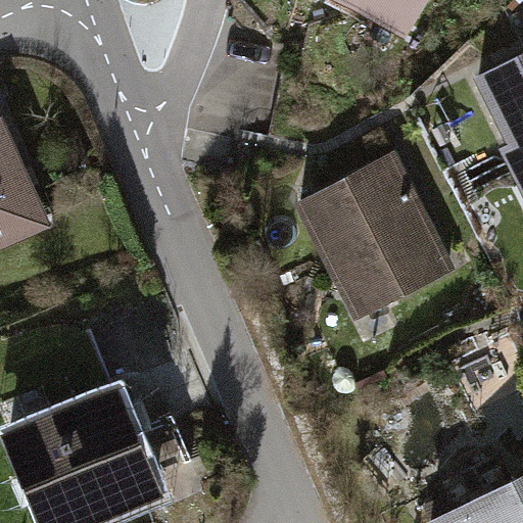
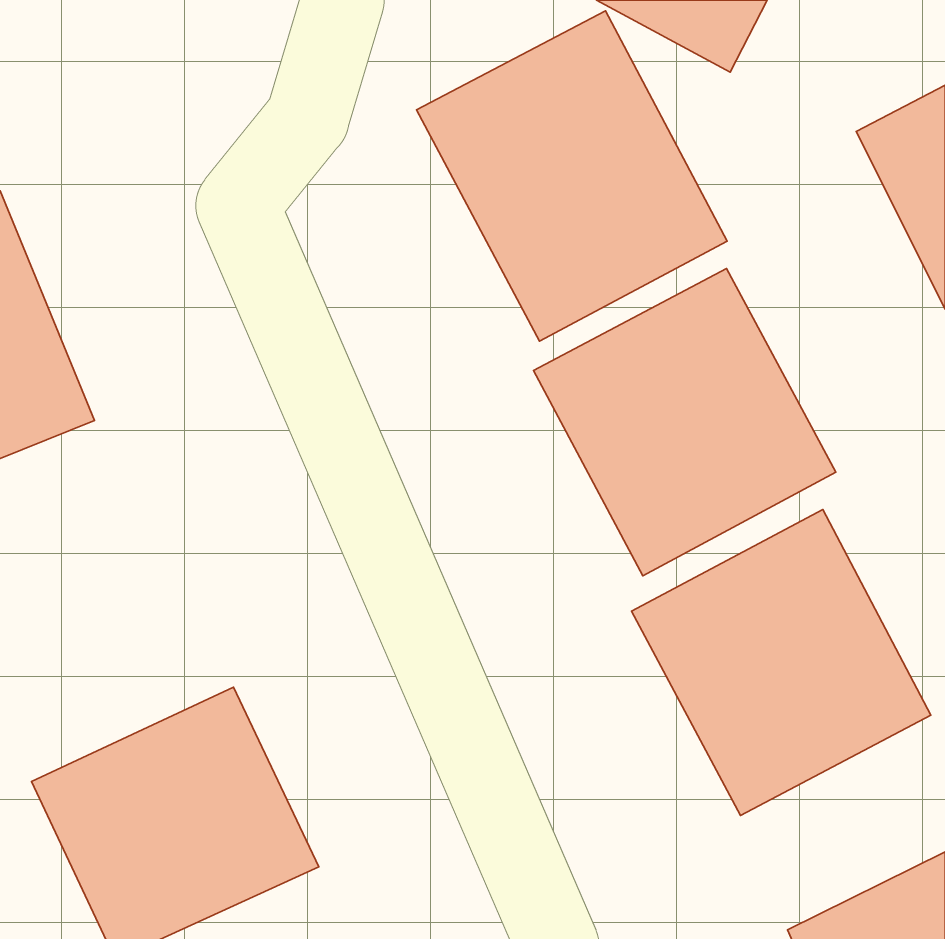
building: none -> [417,11,727,341]
building: none -> [632,510,931,815]

